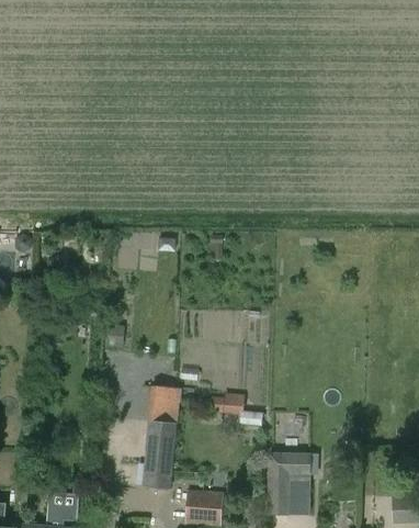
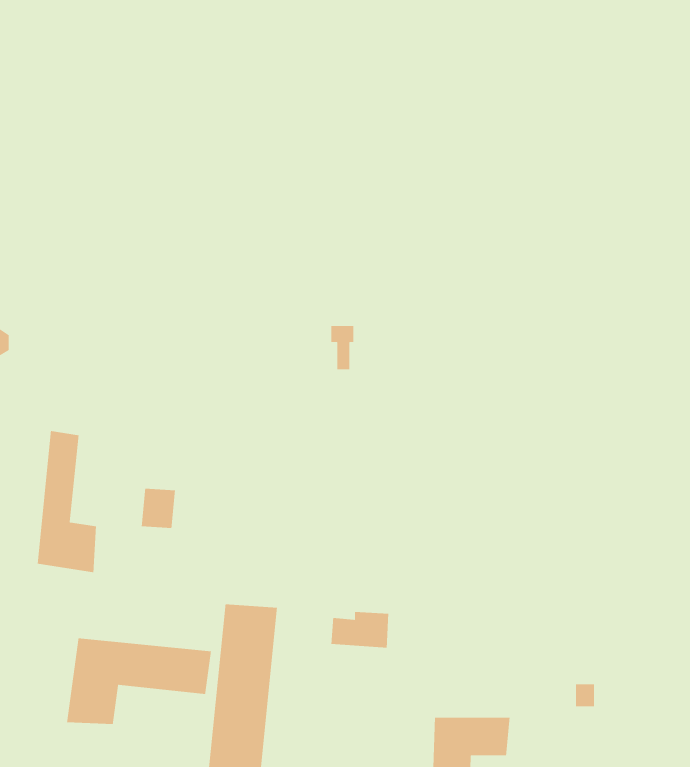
building: none -> [37,430,97,573]
building: none -> [66,638,212,725]

